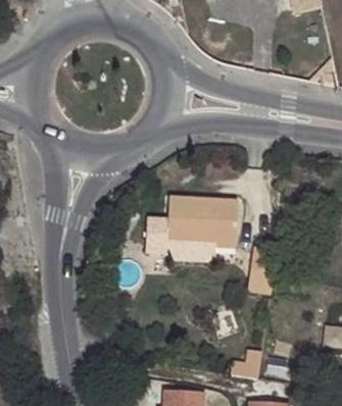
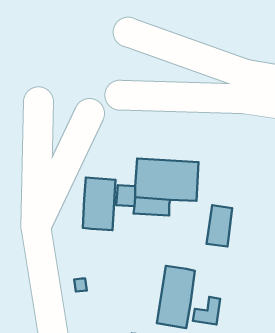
building: none -> [83,178,115,230]
building: none -> [157,266,195,328]

